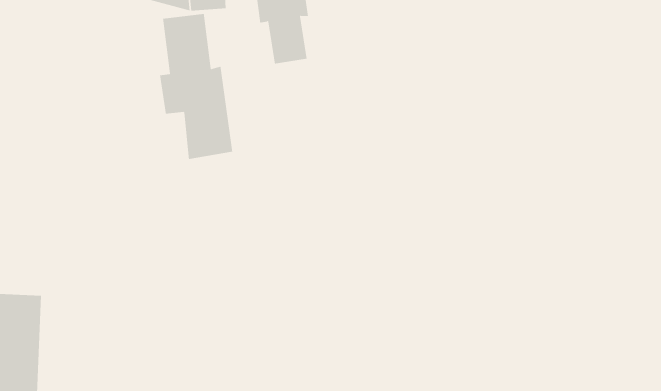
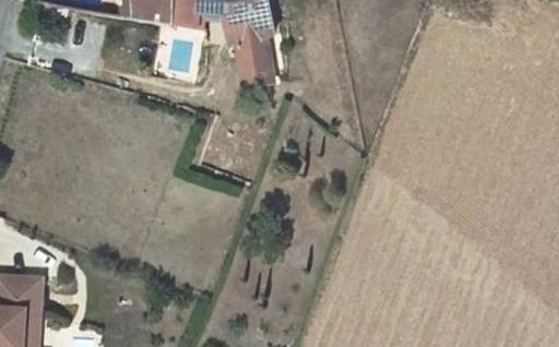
building: [159,13,233,160] -> none

